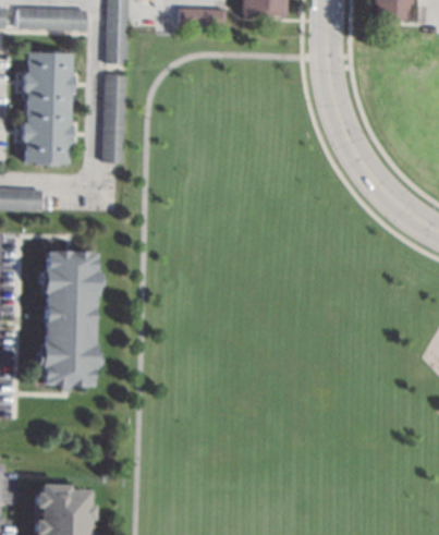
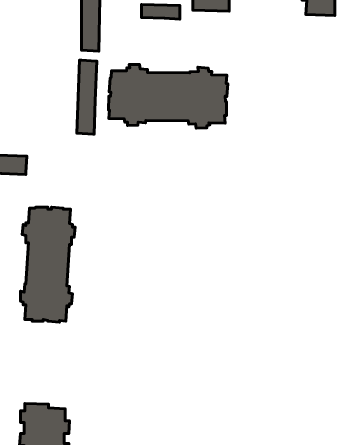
building: [19,7,88,29] -> none
building: [23,49,75,165] -> none
building: none -> [109,64,228,128]

